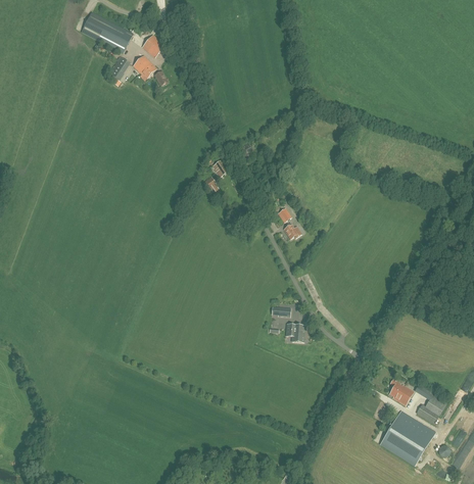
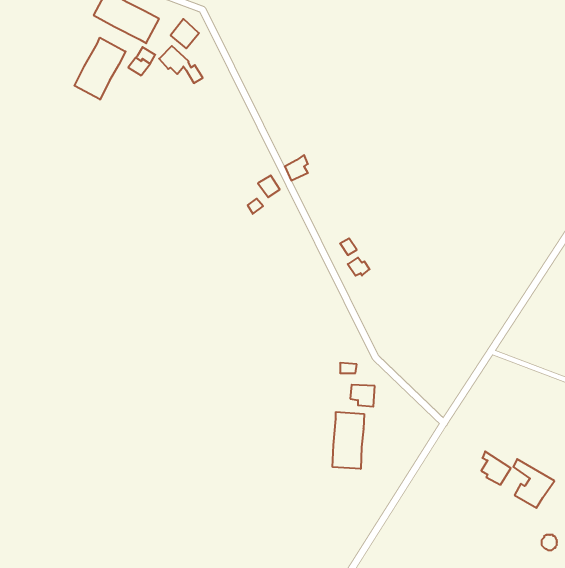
building: none -> [74,38,126,100]
building: none -> [333,412,364,469]
building: [380,412,434,465] -> none

